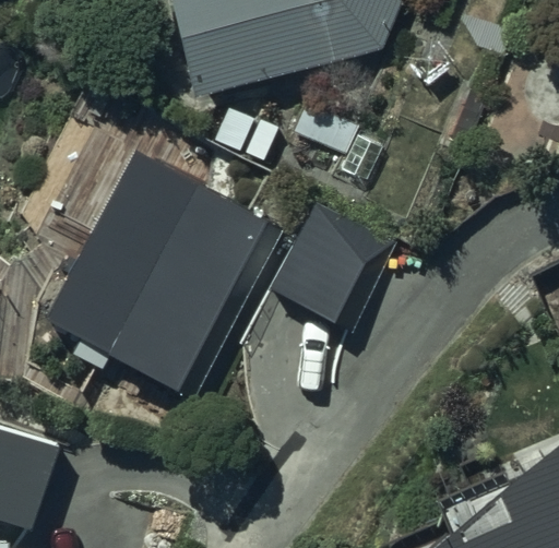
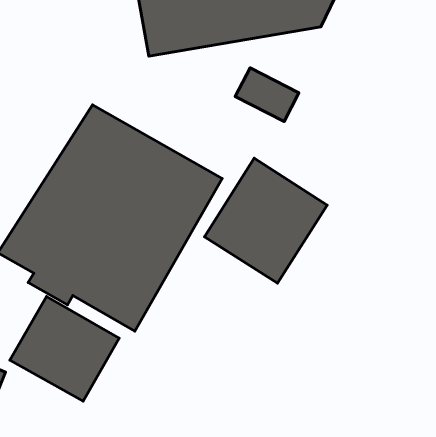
building: none -> [10,297,119,401]

